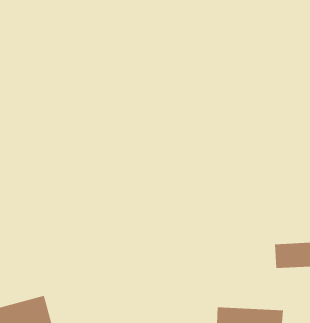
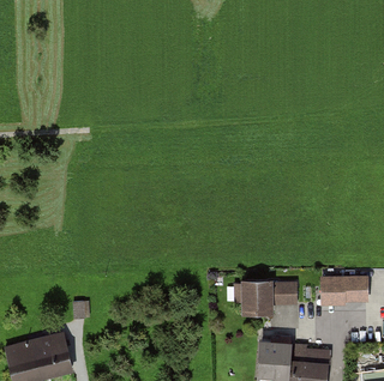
building: none -> [236,284,299,316]

